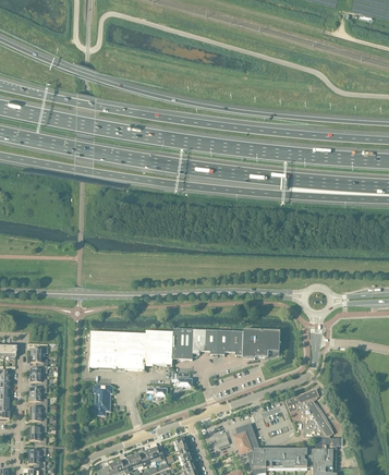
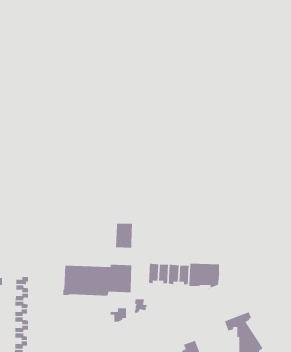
building: [172,328,194,358] -> [115,223,133,248]
building: [94,383,112,414] -> none

